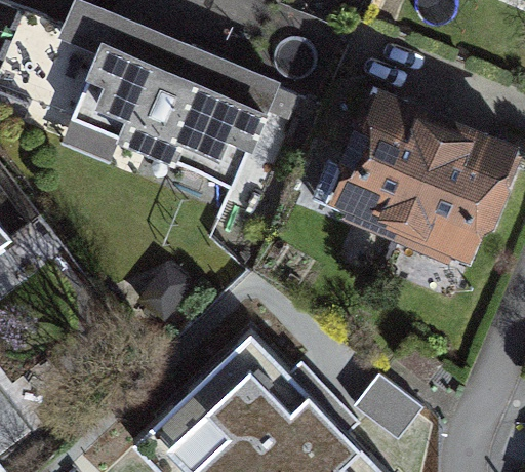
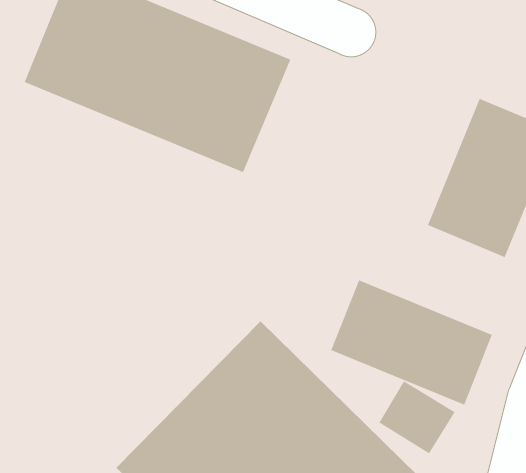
building: [333,93,451,237] -> none
building: none -> [331,280,493,406]

